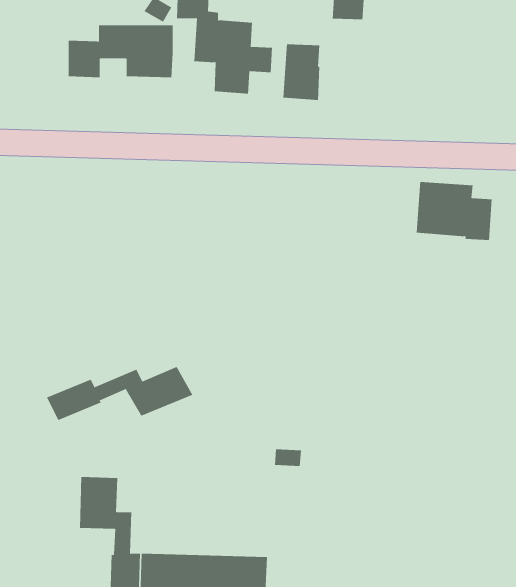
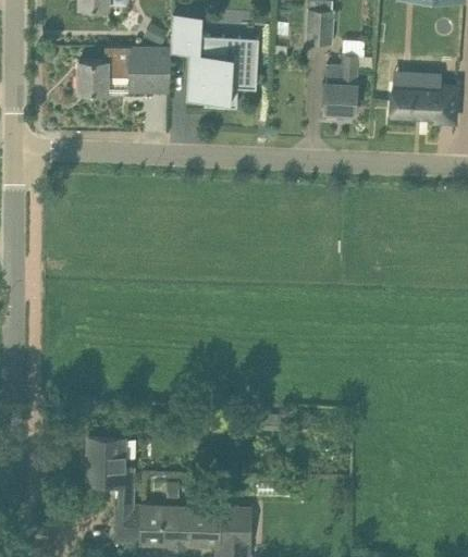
building: [283,44,320,100] -> [323,65,356,114]
building: [416,181,492,241] -> [391,71,457,122]
building: [46,366,193,421] -> none

